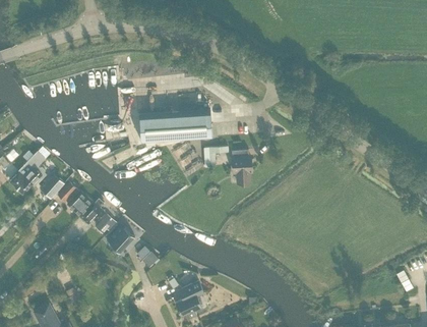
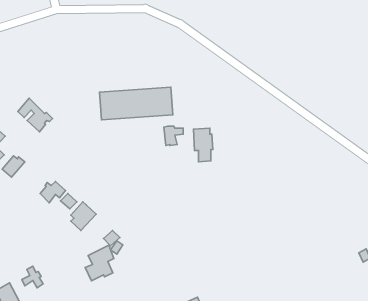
building: [57,181,92,215] -> [18,98,53,132]
building: [174,280,202,316] -> [85,245,114,281]

